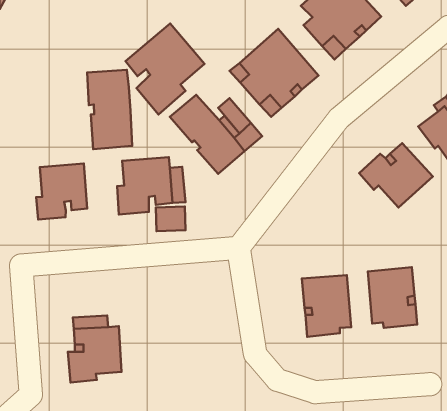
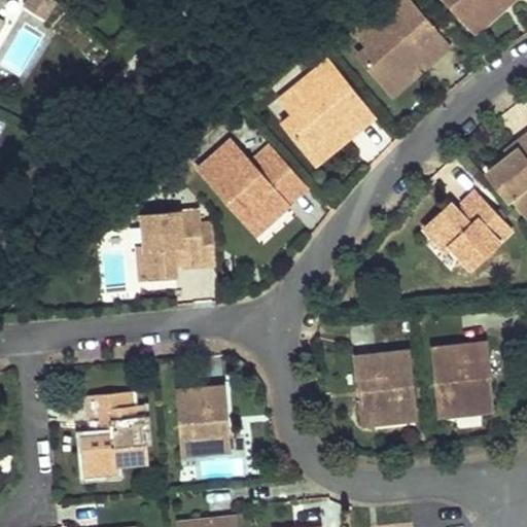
building: [125,23,205,114] -> none
building: [87,70,132,149] -> none
building: [36,163,87,219] -> none
building: none -> [175,385,232,452]

